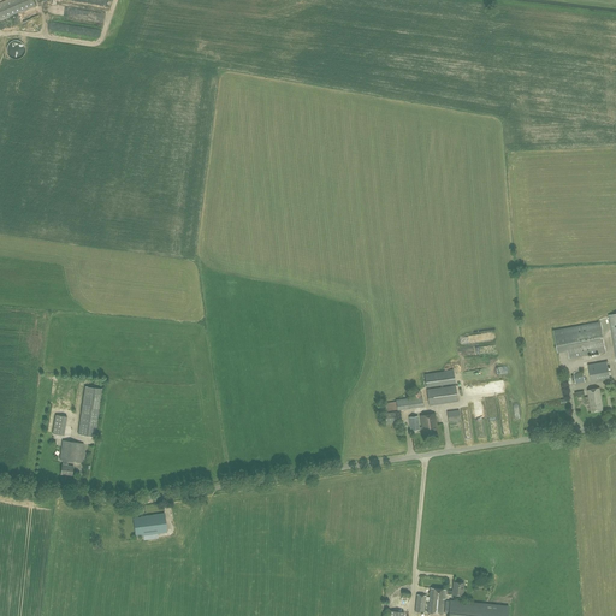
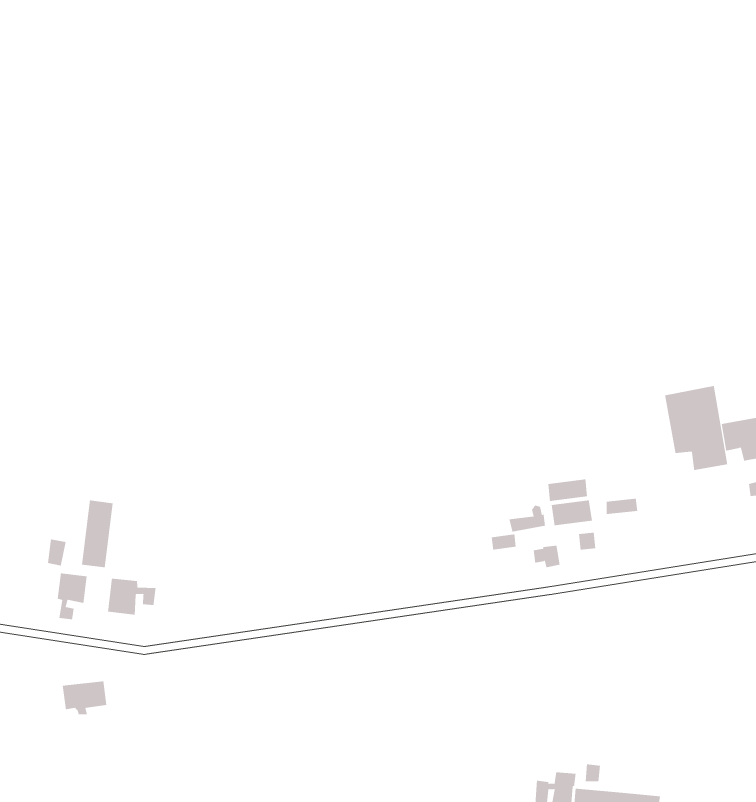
building: none -> [664,385,728,471]
building: none -> [107,578,156,615]
building: [132,514,166,539] -> [62,681,107,715]

